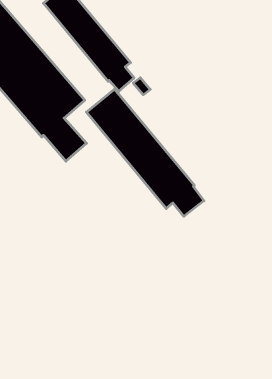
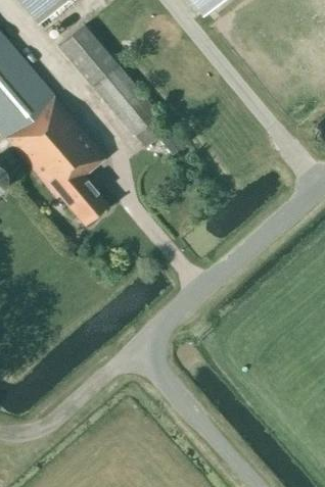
building: [86,89,204,216] -> none

